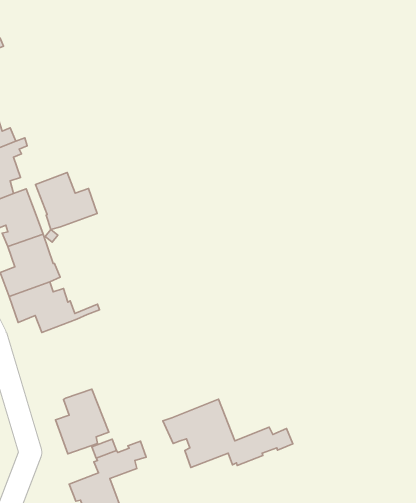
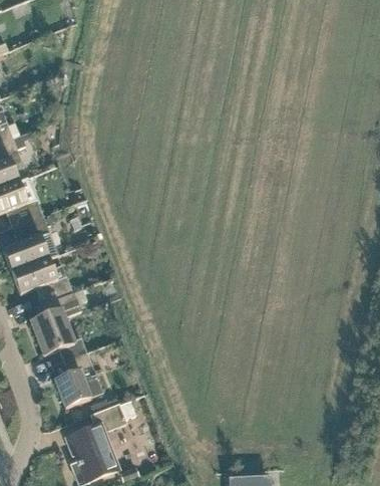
building: [36,173,97,230] -> none
building: none -> [32,286,86,360]
building: [163,399,293,468] -> none

